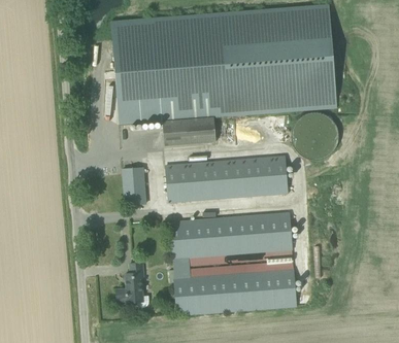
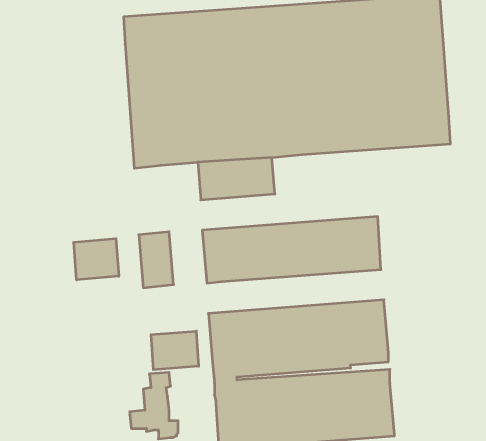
building: none -> [74,239,119,280]
building: none -> [151,331,199,370]

